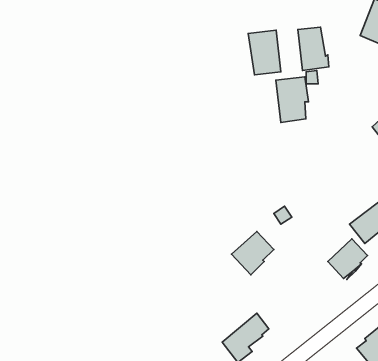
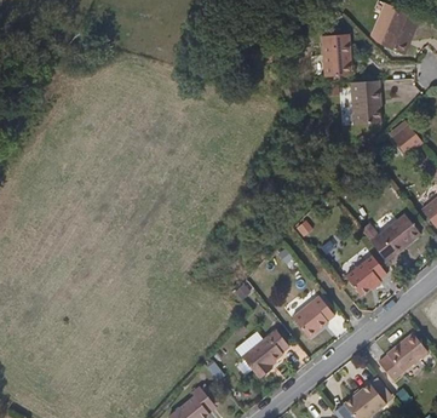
building: [248,30,281,75] -> none
building: [276,77,308,122] -> [347,84,380,130]
building: [232,231,274,275] -> [294,293,337,337]

